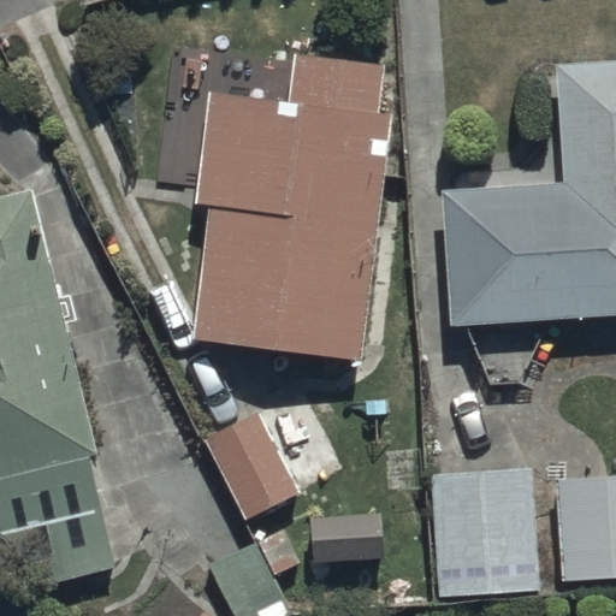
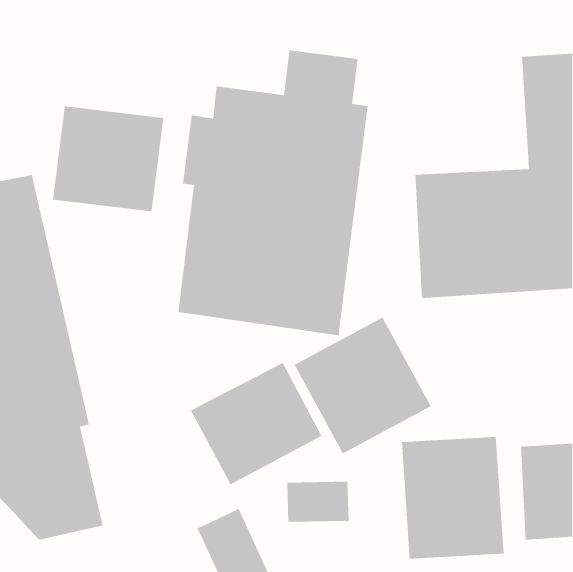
building: none -> [52,105,164,212]
building: none -> [293,316,432,455]

